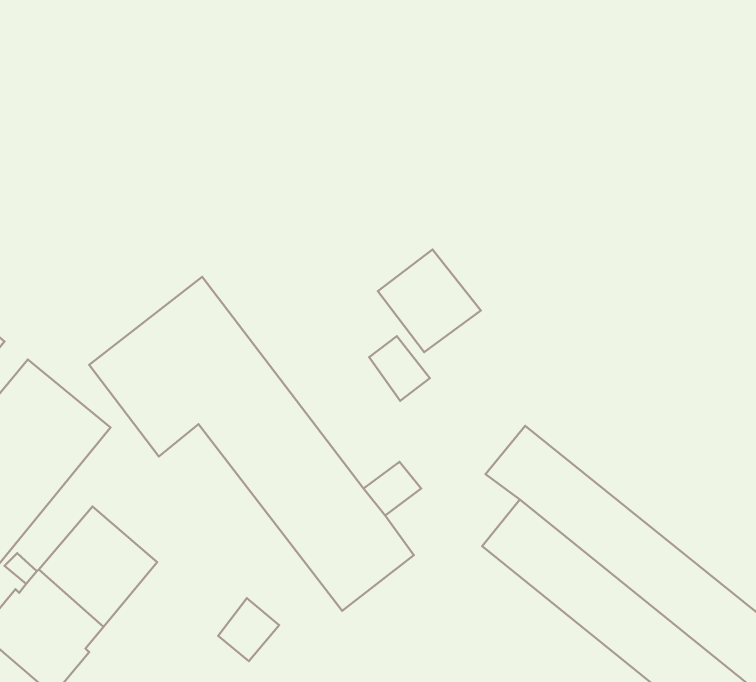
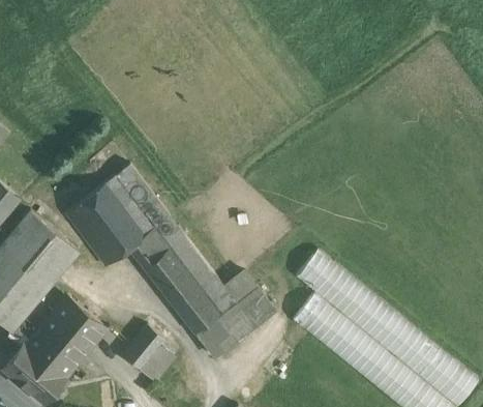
building: [378,249,481,352] -> none
building: [369,336,430,401] -> none
building: none -> [237,285,277,327]
building: none -> [123,324,165,370]

